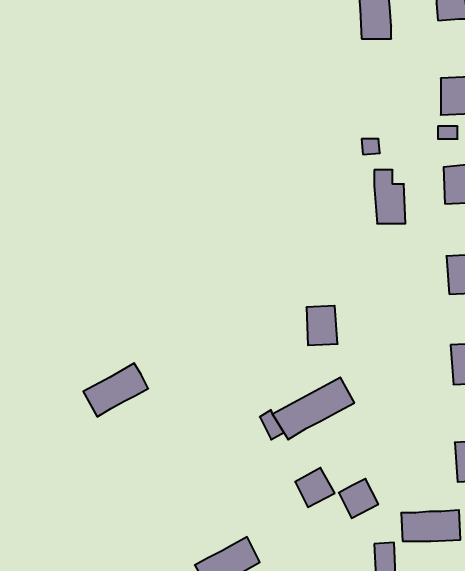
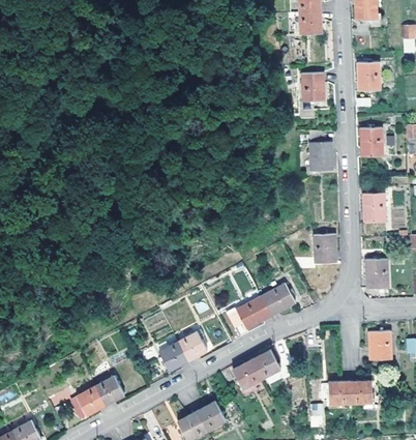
building: none -> [302,72,325,101]
building: [306,306,338,345] -> [314,234,336,263]
building: [83,363,148,417] -> [158,331,206,371]
building: [339,479,378,518] -> [232,359,261,388]
building: none -> [70,375,124,415]

